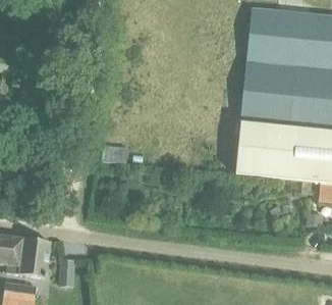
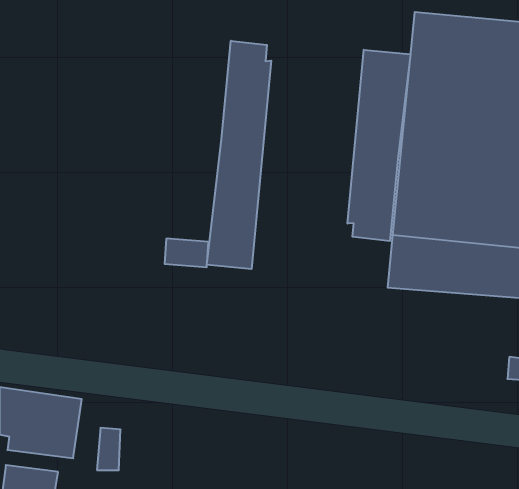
building: none -> [207,41,271,269]
building: none -> [348,50,410,241]

